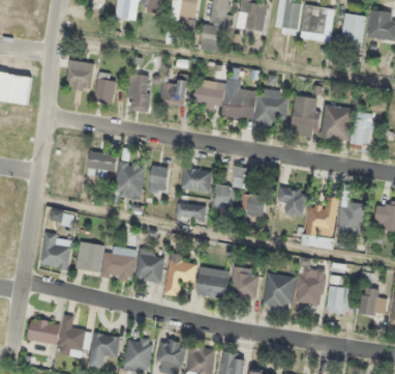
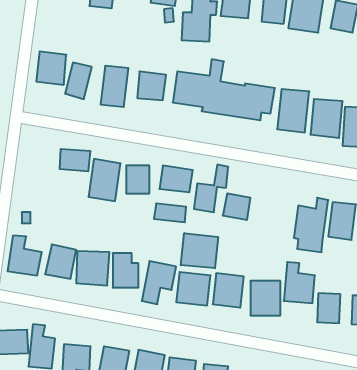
building: [277,185,306,215] -> none
building: none -> [181,233,218,268]

